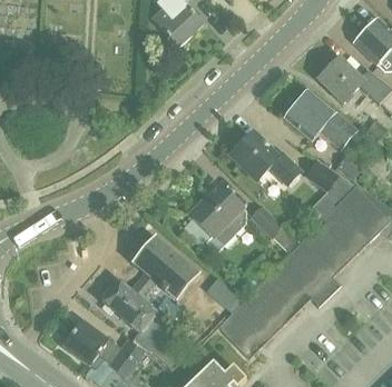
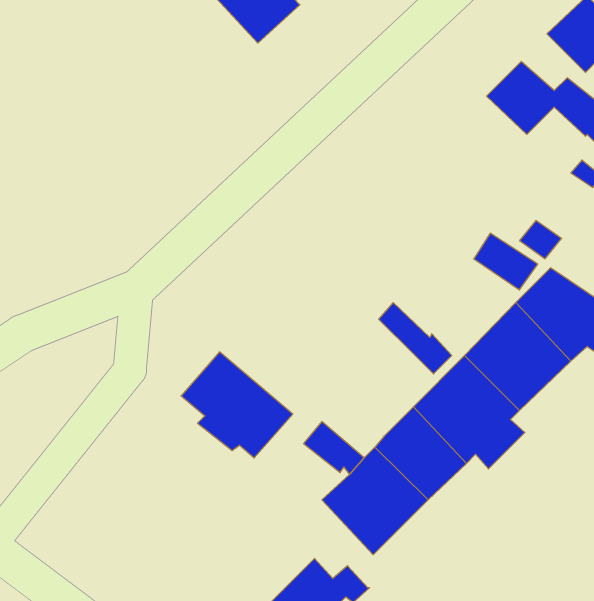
building: [285,89,355,145] -> none
building: [231,130,300,181] -> none
building: [190,179,246,250] -> none
building: [100,277,173,335] -> none
building: [62,318,145,376] -> none

